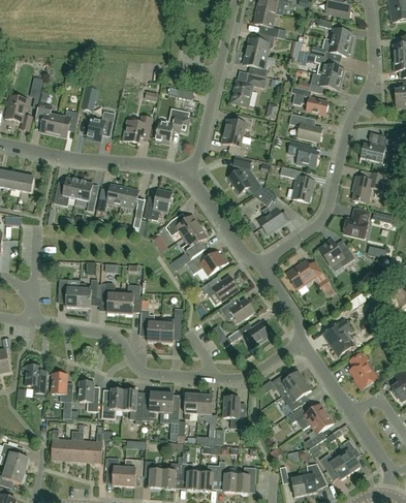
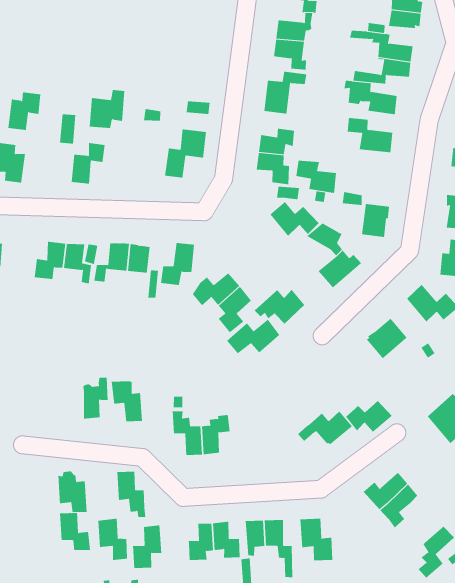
building: [53,108,80,136] -> [7,92,41,130]
building: [123,115,152,143] -> [89,89,125,129]
building: [288,140,318,167] -> [295,160,337,193]
building: [200,274,238,300] -> [254,289,305,324]
building: [59,279,80,307] -> none
building: [120,283,140,314] -> none
building: [220,298,254,321] -> [345,400,393,432]
building: [26,361,46,392] -> [57,471,88,513]
building: [123,388,143,423] -> [116,471,146,518]
building: [287,403,326,429] -> none

